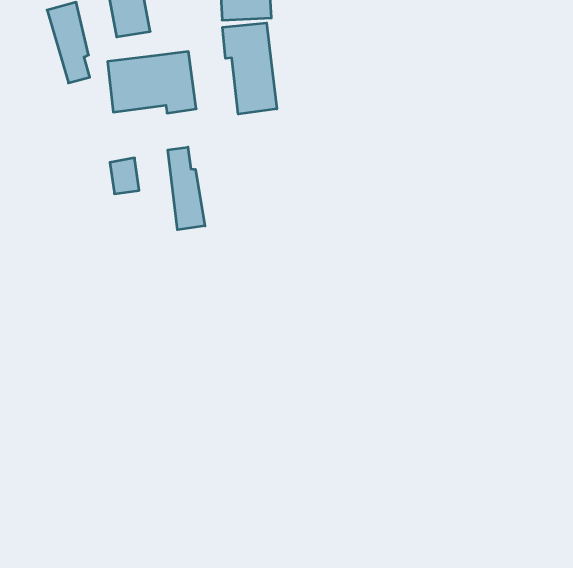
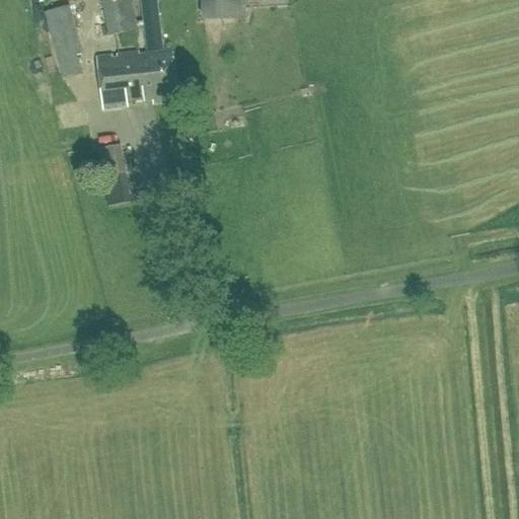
building: [223,23,277,114] -> none
building: [168,147,205,230] -> none

